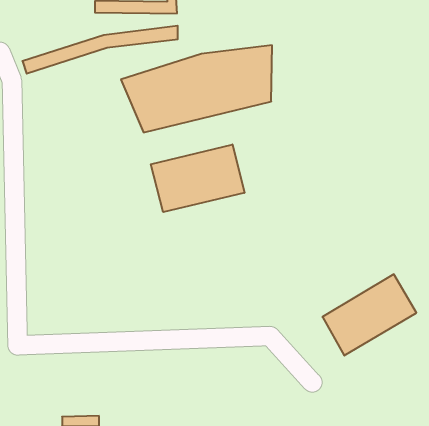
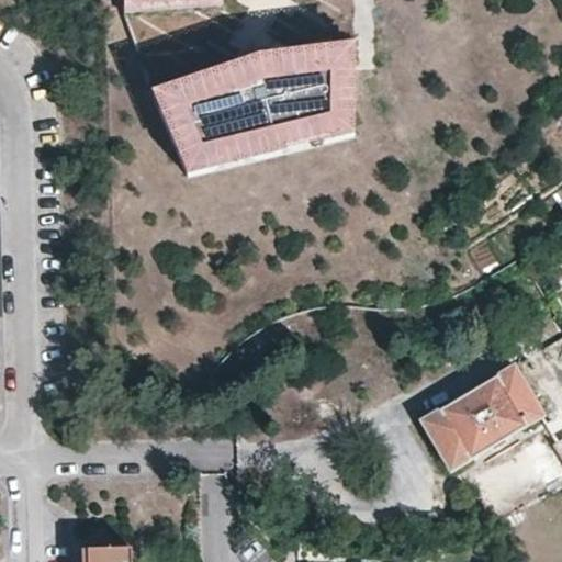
building: [22,26,178,74] -> [153,42,356,104]
building: [151,144,244,212] -> none

